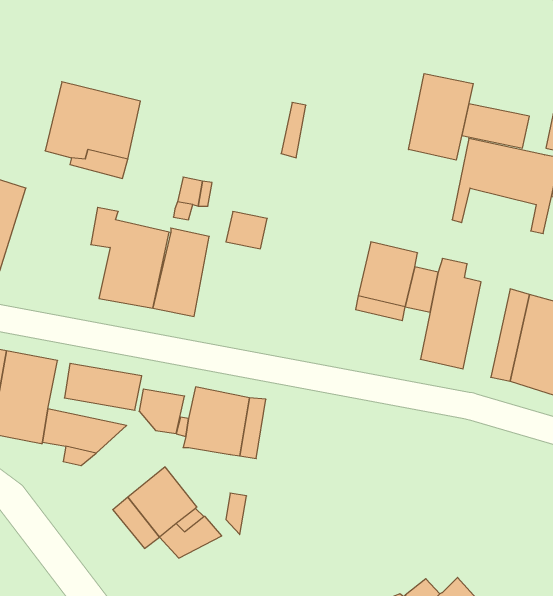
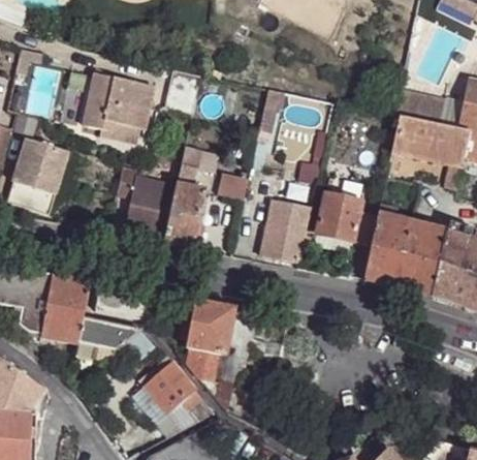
building: [409,74,473,160] -> none
building: none -> [263,202,311,263]
building: none -> [396,222,432,294]
building: [139,389,185,433] -> [188,346,222,379]

